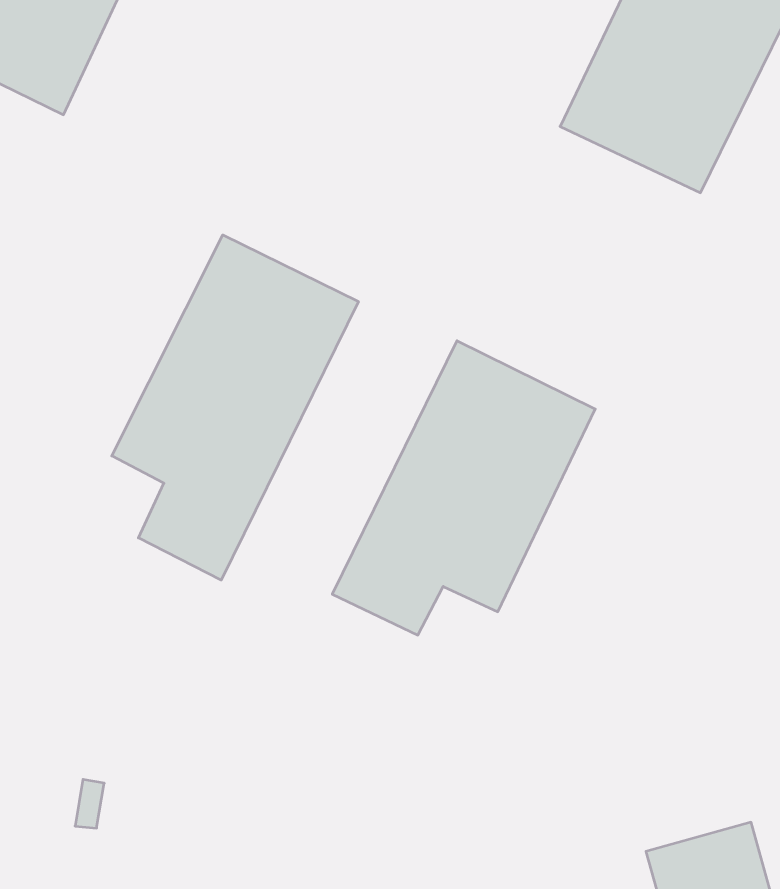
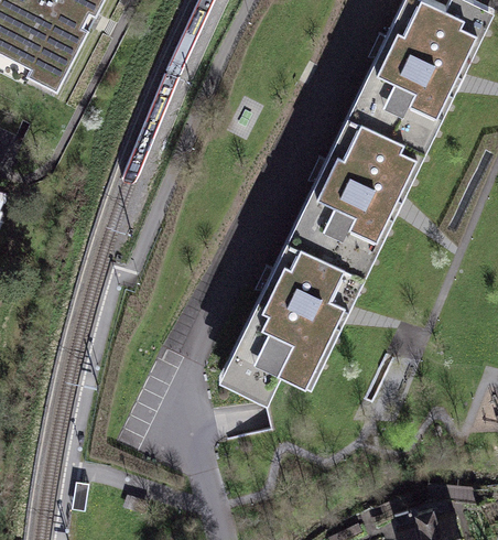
building: none -> [291,107,429,267]
building: [112,235,358,580] -> none

